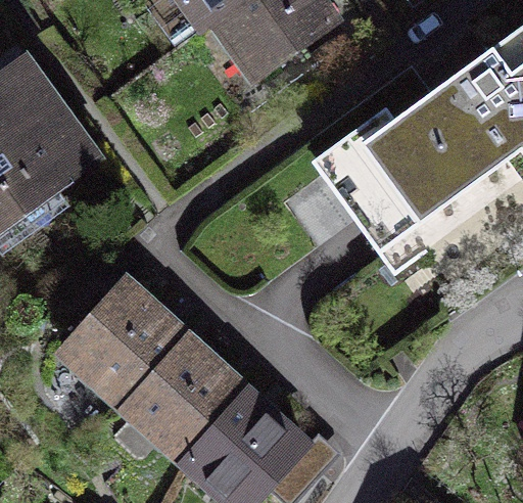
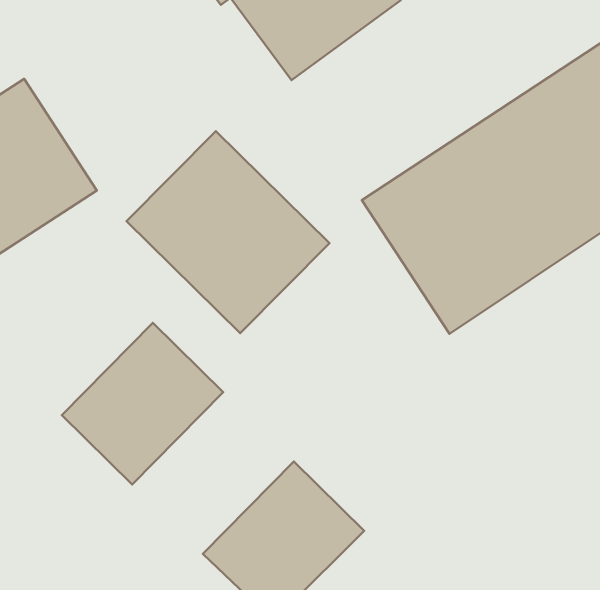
building: none -> [127,131,329,333]
building: [118,331,254,467] -> none

